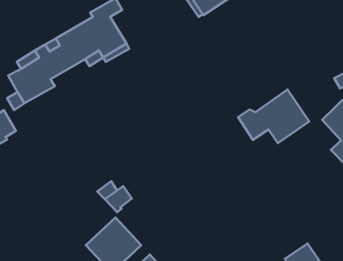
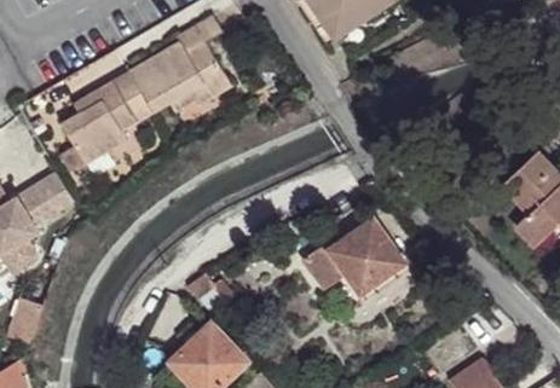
building: [238,90,309,143] -> [305,218,404,293]

